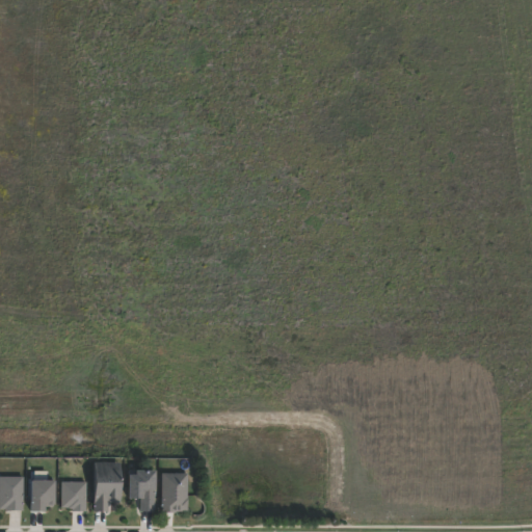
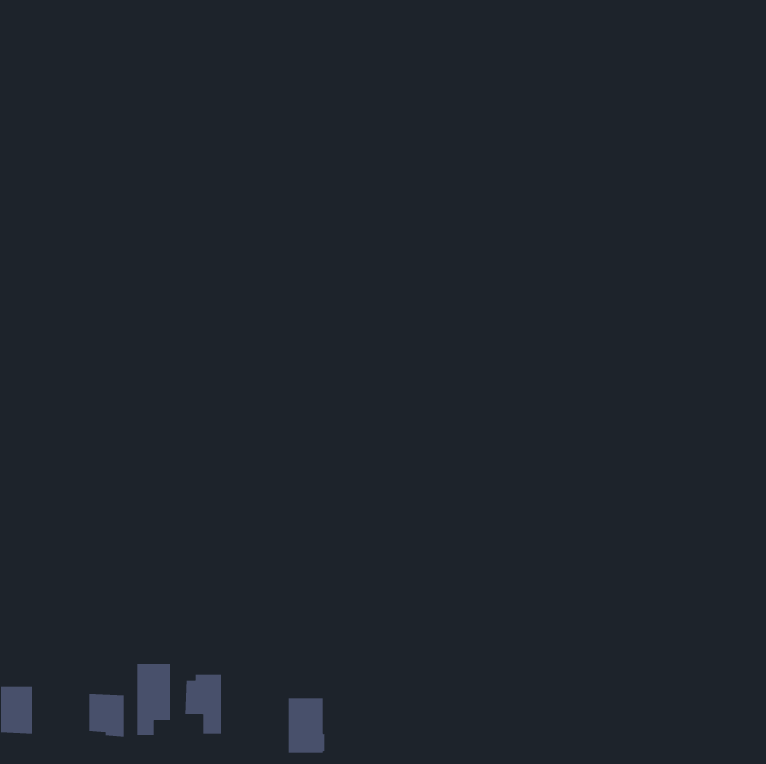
building: [162,472,188,510] -> [288,698,325,753]
building: [32,480,55,512] -> none

